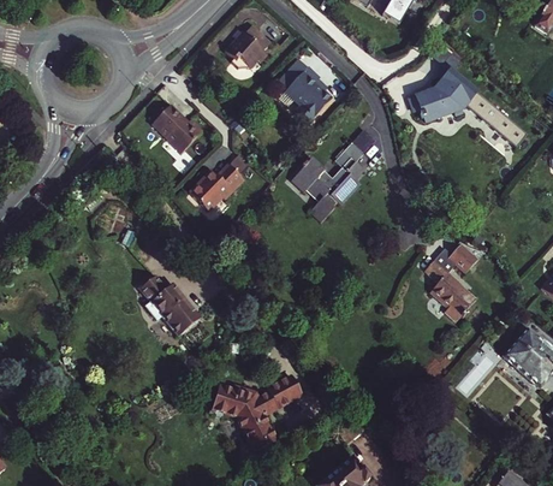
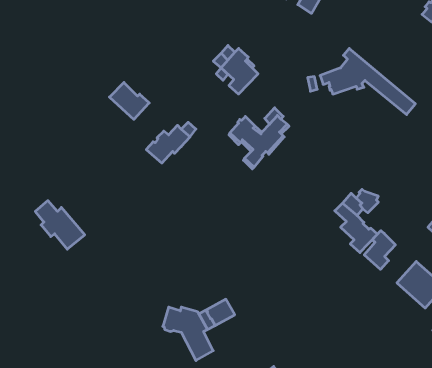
building: [224,23,268,66] -> none
building: [138,275,200,336] -> [35,201,85,249]
building: none -> [364,231,395,269]

